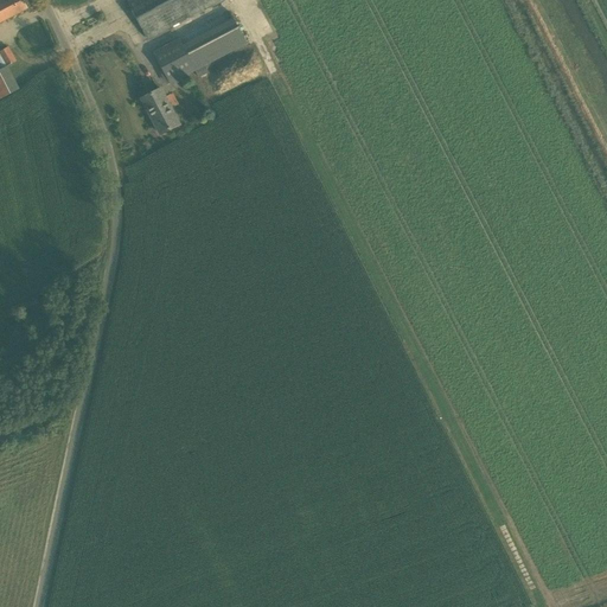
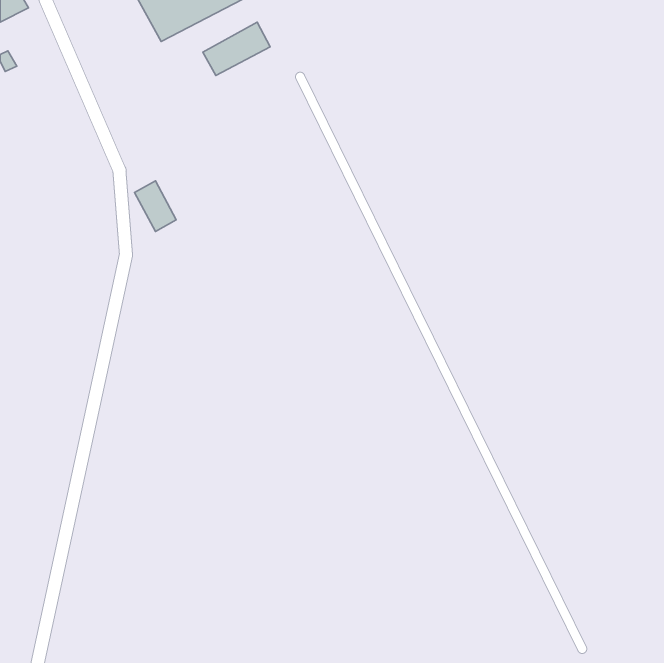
building: [154,38,197,83] -> none
building: [142,88,180,134] -> [135,181,176,232]

